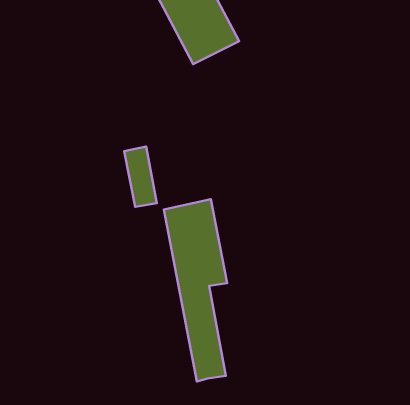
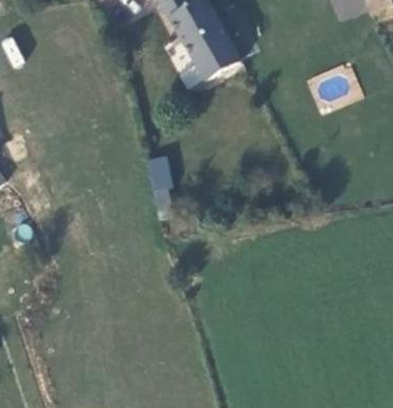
building: [164,199,227,382] -> none

